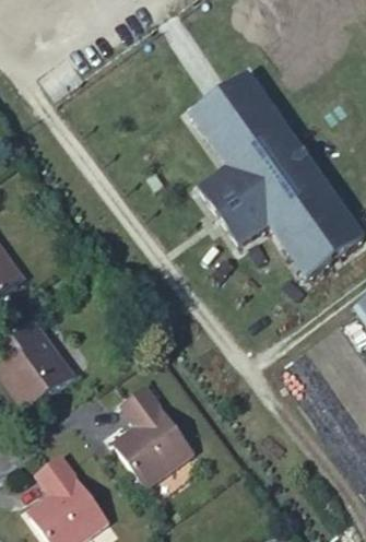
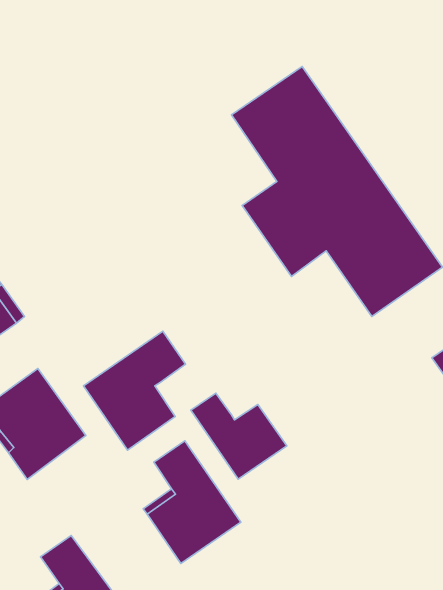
building: none -> [83,331,185,450]
building: none -> [191,393,287,479]

